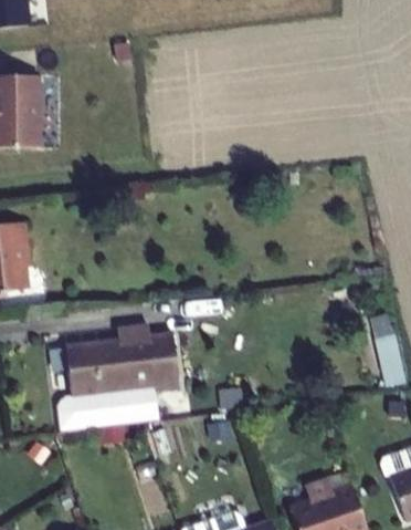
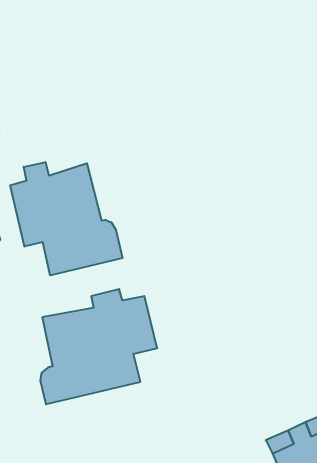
building: none -> [10,162,122,275]

